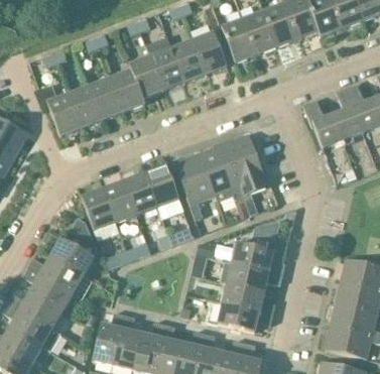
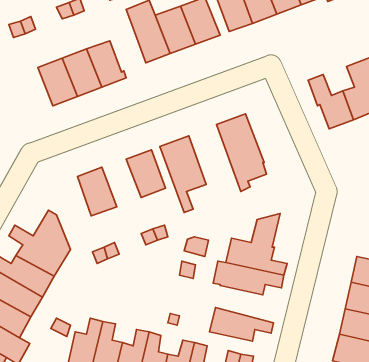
building: [128,56,161,98] -> none
building: [41,84,81,135] -> none
building: [199,143,244,204] -> none
building: [123,173,157,215] -> none
building: [81,189,118,240] -> none
building: [222,283,275,316] -> none

